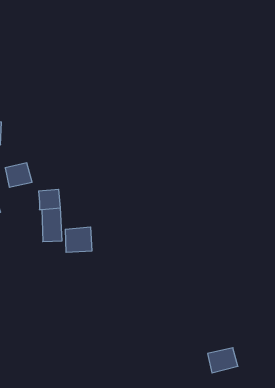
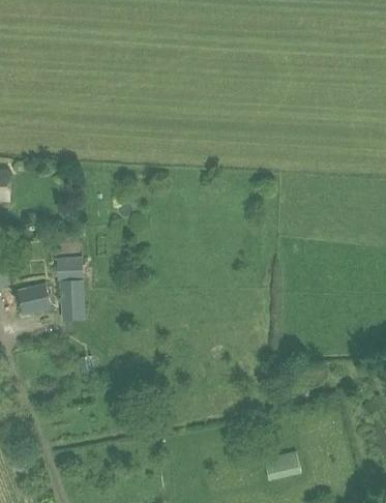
building: [5,163,32,187] -> [17,284,50,314]
building: [65,227,92,252] -> none

